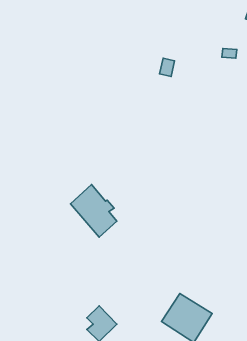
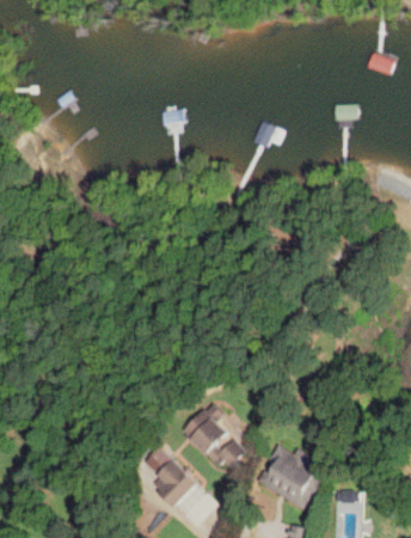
building: [70,185,117,237] -> [182,403,245,475]

